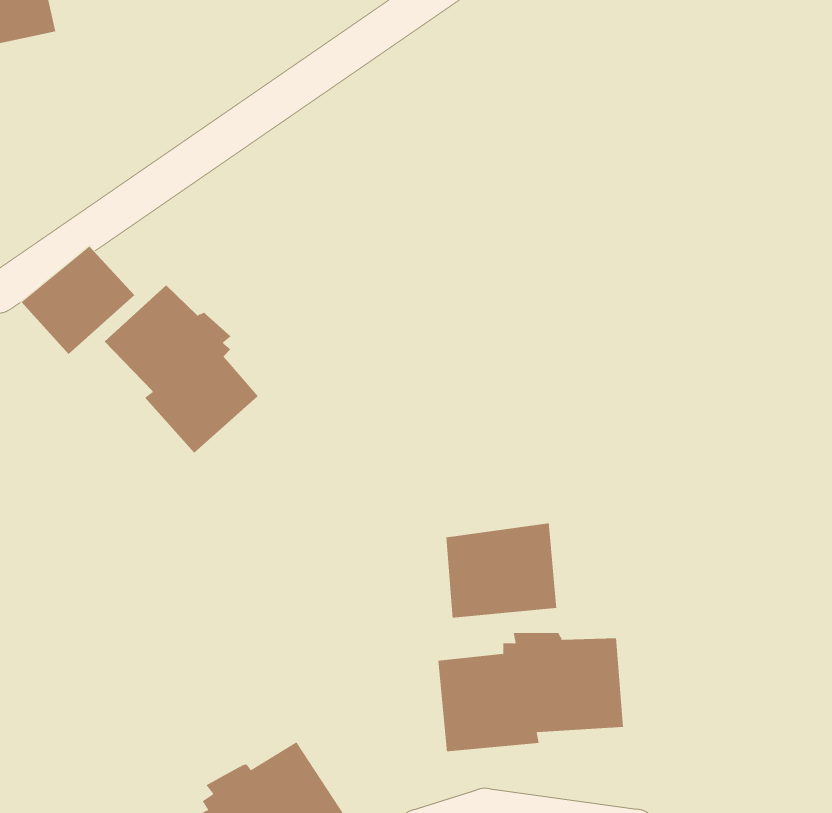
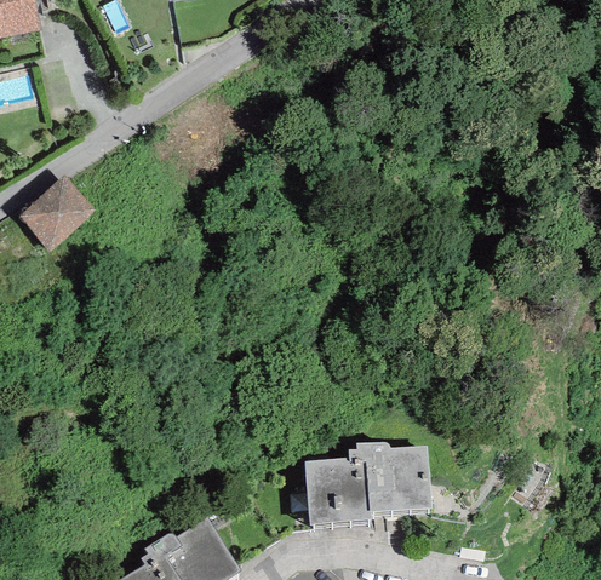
building: [104,284,259,454] -> none
building: [446,523,557,618] -> none

